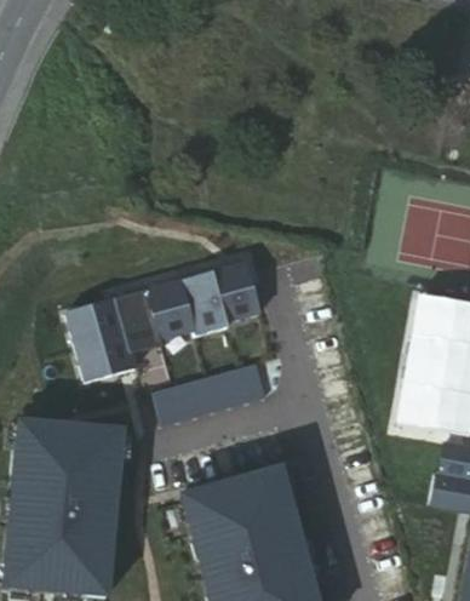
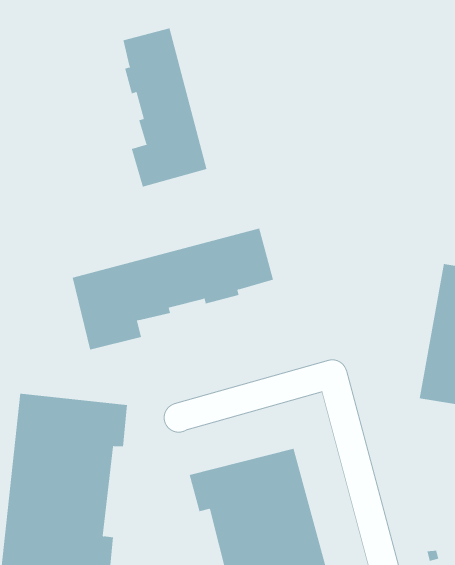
building: none -> [123,28,207,187]
building: [154,361,268,423] -> none

